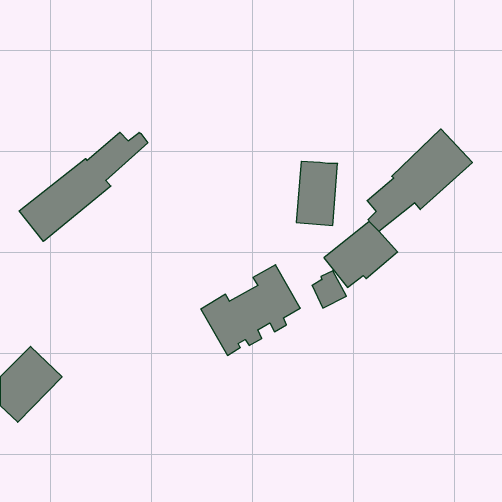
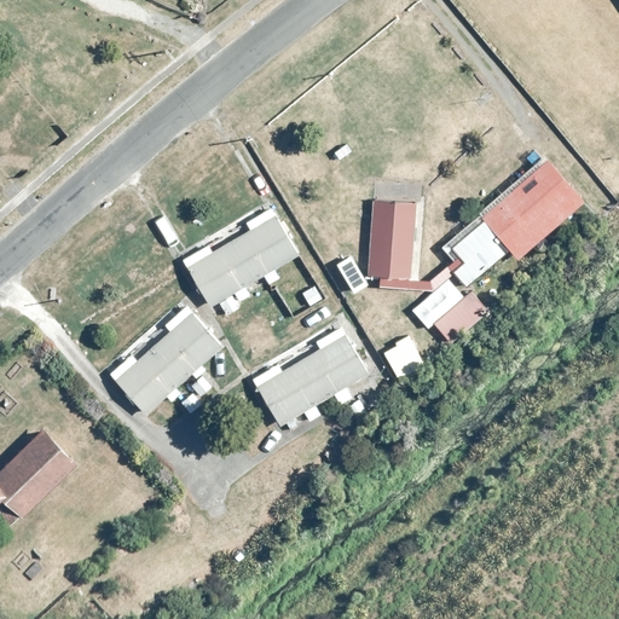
building: [19,132,148,241] -> none
building: none -> [183,206,301,319]
building: none -> [105,301,227,415]

